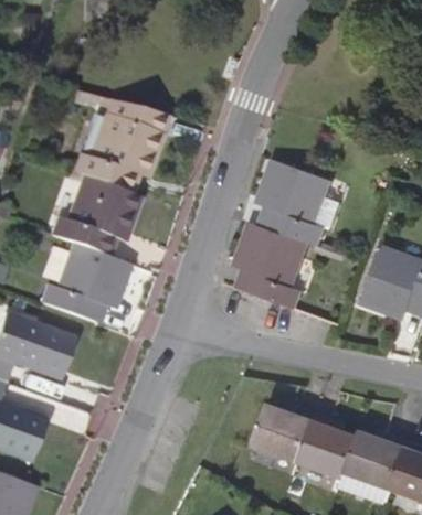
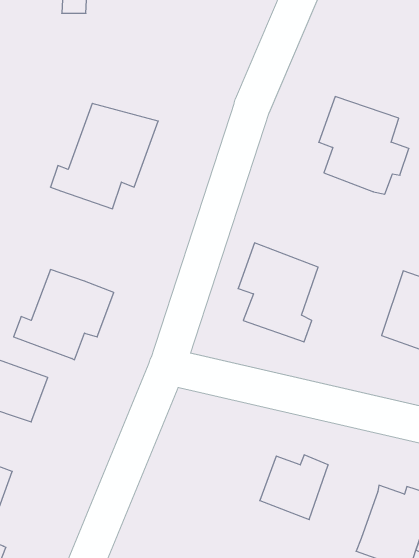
building: [260,160,338,245] -> [319,97,409,194]
building: [51,176,138,255] -> none
building: [299,415,359,479] -> none

